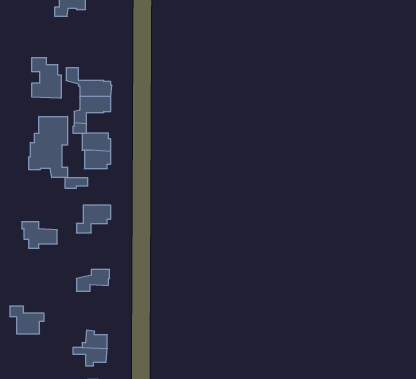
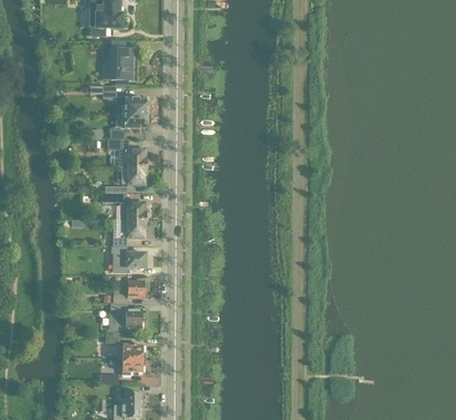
building: [32,58,61,98] -> [101,40,130,79]
building: [29,116,67,178] -> none
building: none -> [118,201,145,218]
building: [22,222,57,248] -> [109,245,143,271]
building: [10,306,44,334] -> [110,302,143,329]

